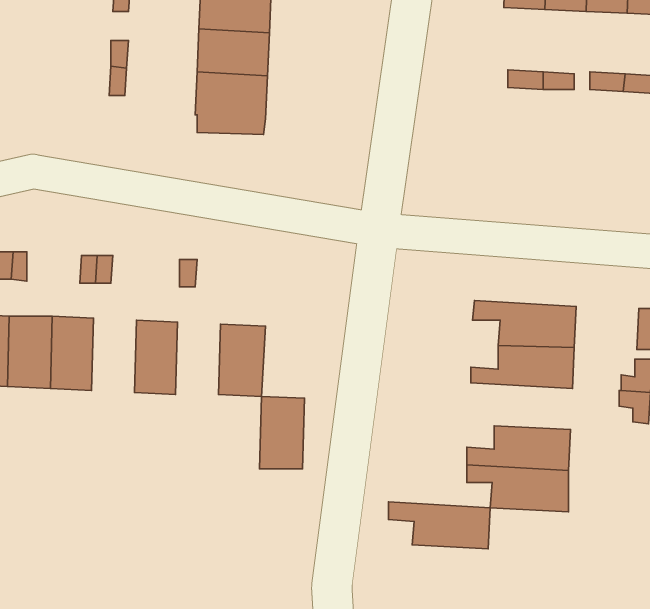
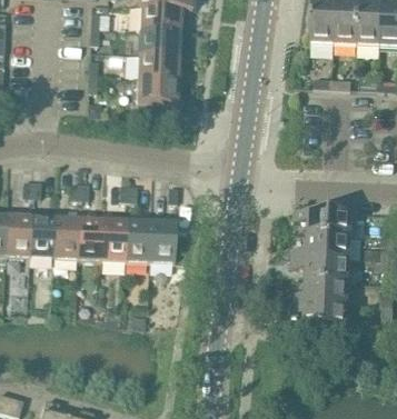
building: none -> [78,218,103,260]
building: [260,396,305,469] -> [126,220,151,261]
building: [389,502,490,549] -> [294,255,351,281]

